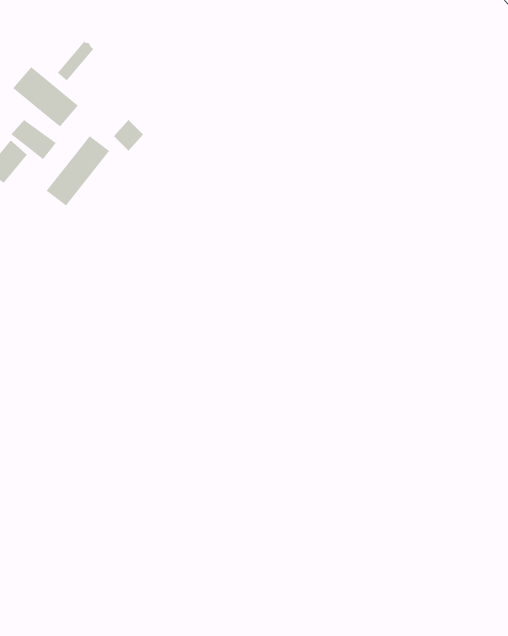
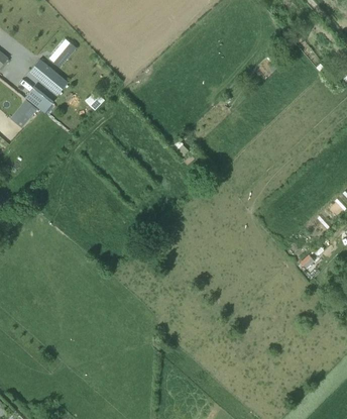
building: [45,135,110,207] -> none

